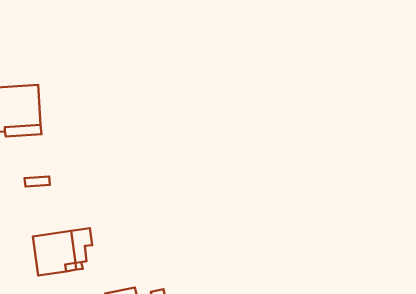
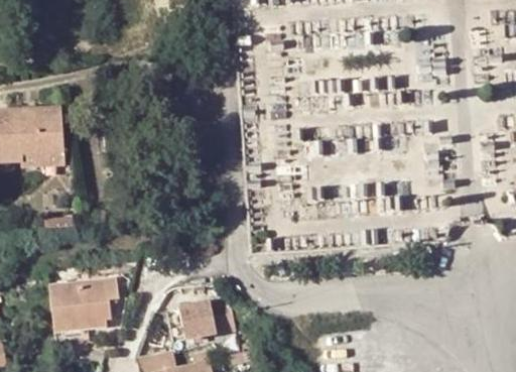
building: none -> [177,289,216,338]

